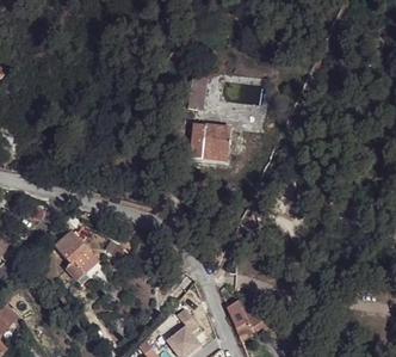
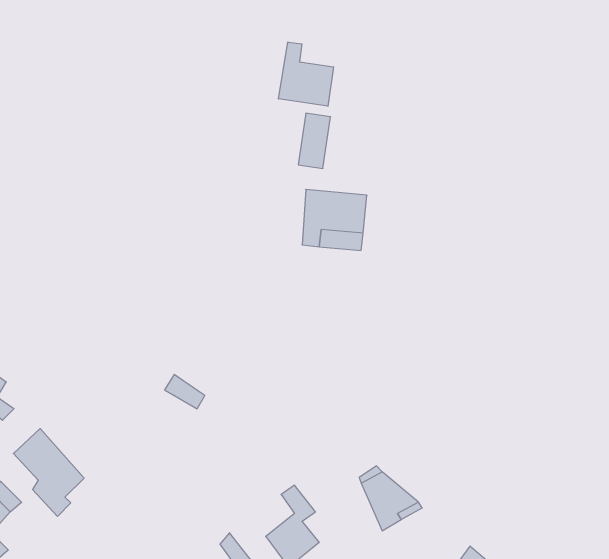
building: none -> [278,42,334,106]
building: [54,229,98,284] -> [13,429,84,516]

